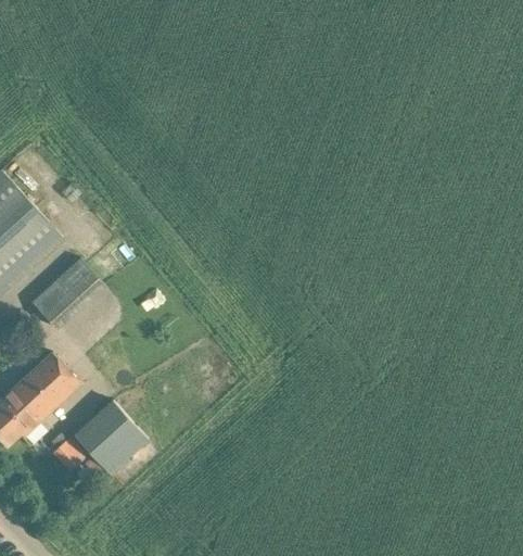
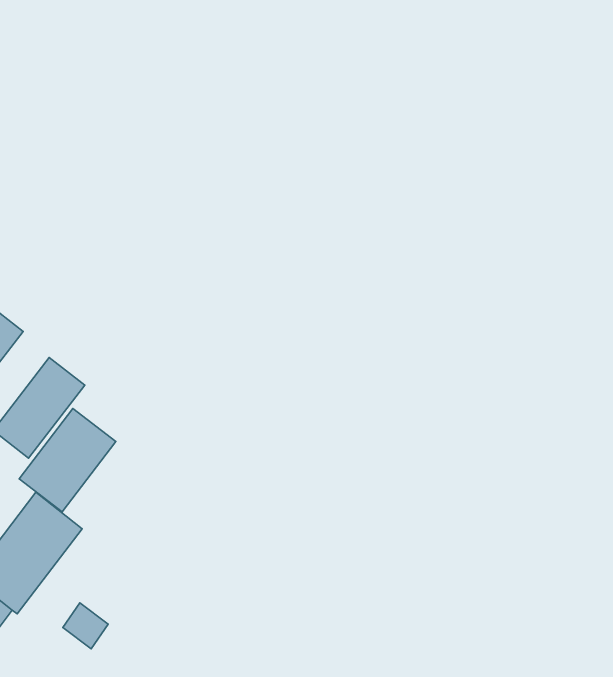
building: none -> [19,409,116,512]
building: [73,400,146,475] -> none

